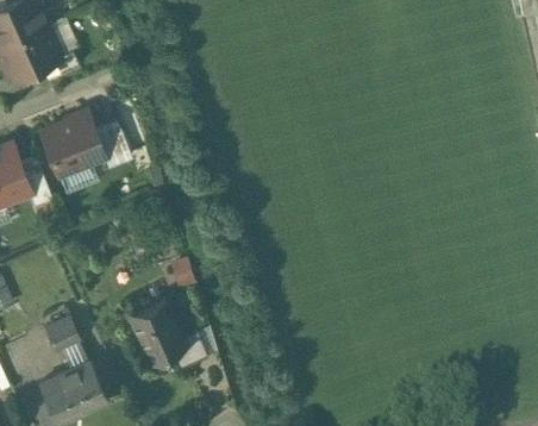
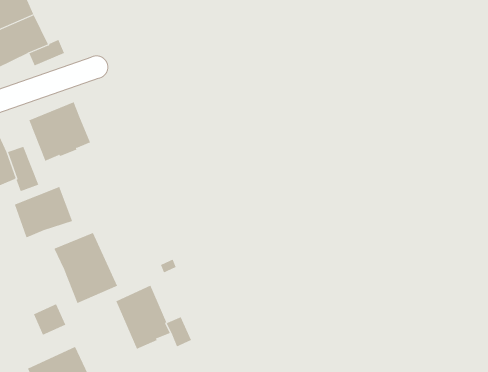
building: [92,120,127,162] -> none
building: none -> [14,186,73,238]
building: none -> [54,232,118,304]

